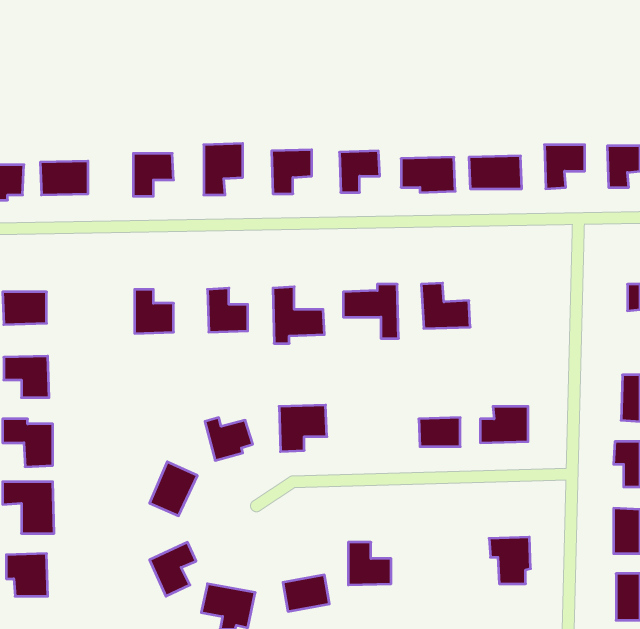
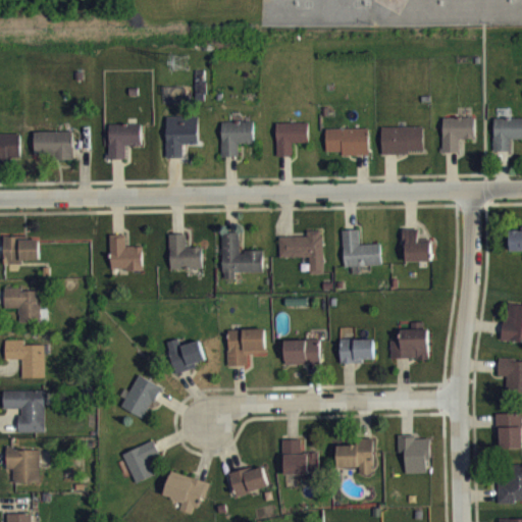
building: none -> [403,229,431,262]
building: none -> [283,340,320,365]
building: none -> [336,440,373,474]

